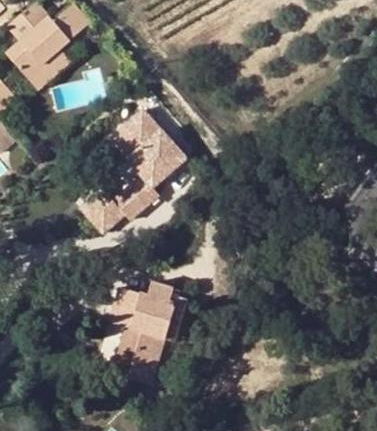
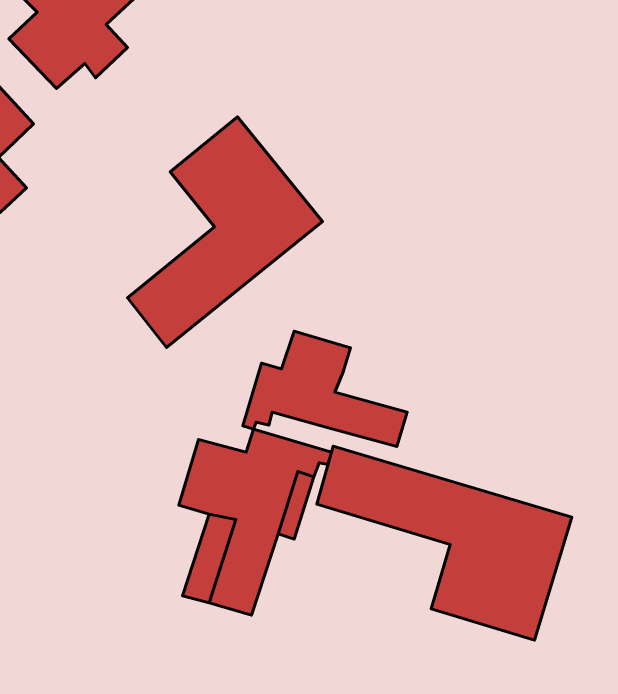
building: none -> [243,331,407,446]
building: none -> [317,446,572,640]

